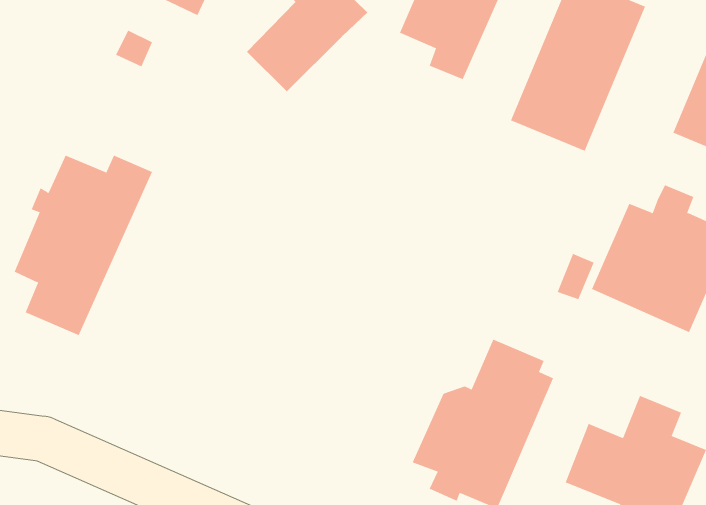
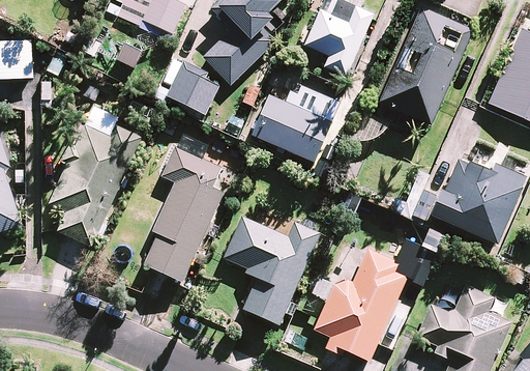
building: none -> [166,60,218,114]
building: none -> [252,84,342,162]
building: none -> [144,144,225,281]
building: none -> [222,215,321,324]

